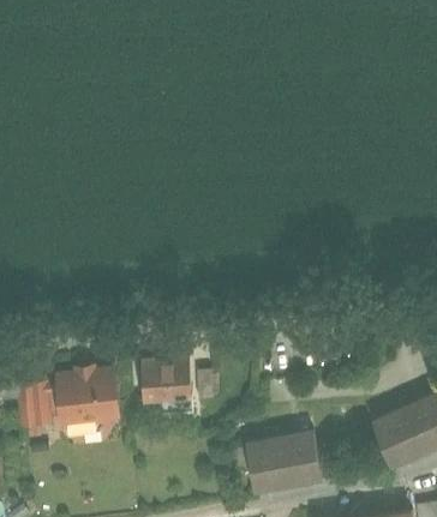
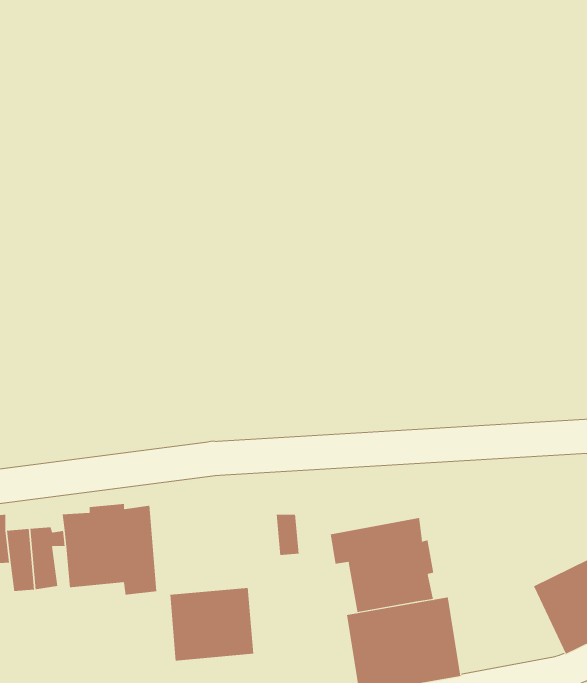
building: [136,348,192,397] -> [170,587,254,661]
building: none -> [330,517,434,613]

